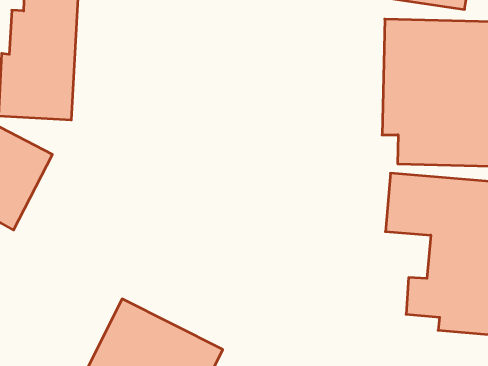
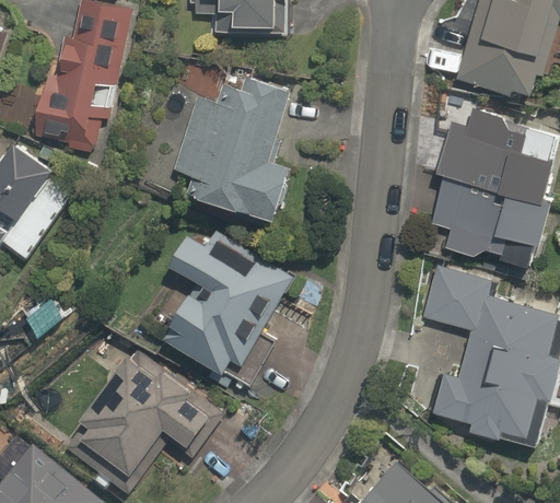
building: none -> [173,74,307,224]
building: none -> [164,232,304,387]

